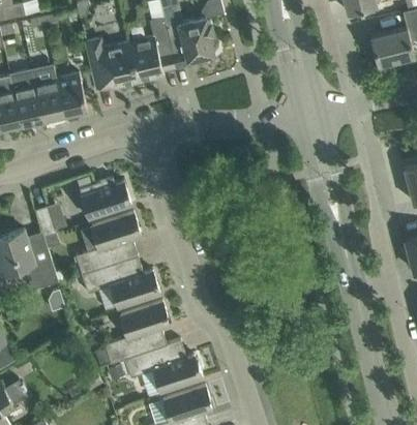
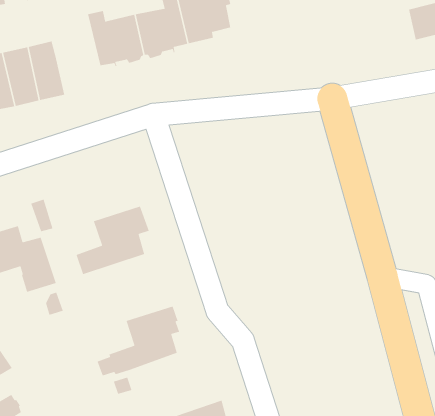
building: [58,73,87,115] -> none
building: [80,179,131,219] -> none
building: [82,256,160,310] -> none
building: [124,340,203,393] -> none

